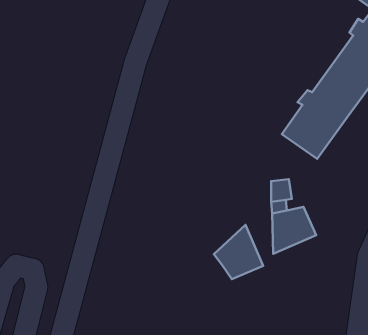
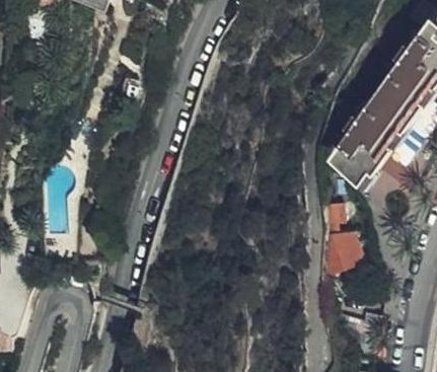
building: [214,225,263,279] -> none

